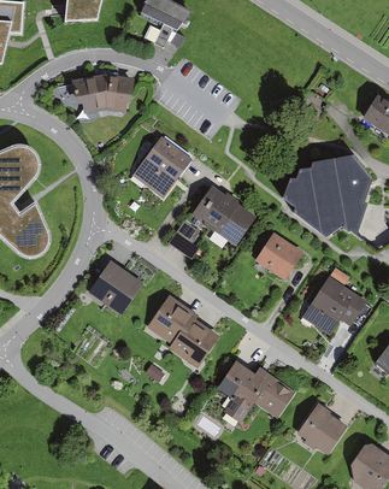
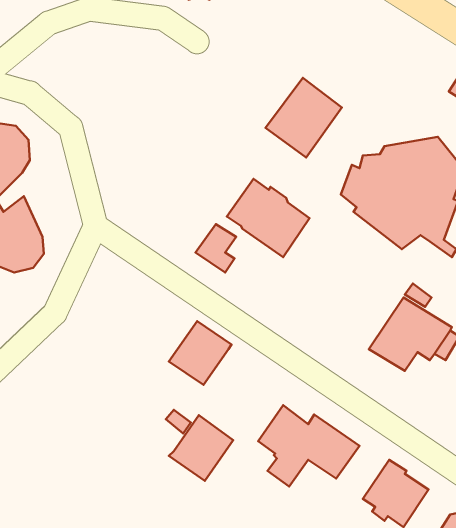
building: [71,73,134,112] -> none
building: [131,136,190,198] -> [265,78,342,158]
building: [257,234,301,278] -> none
building: [88,260,142,314] -> none
building: [170,317,219,367] -> [169,415,233,481]

